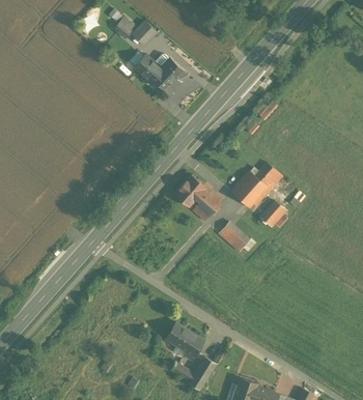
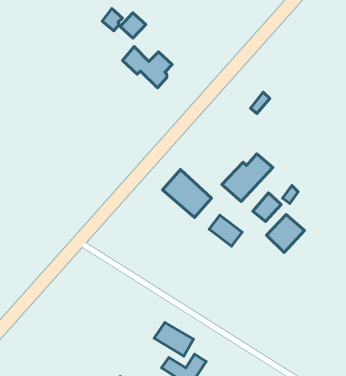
building: none -> [266,215,304,252]

